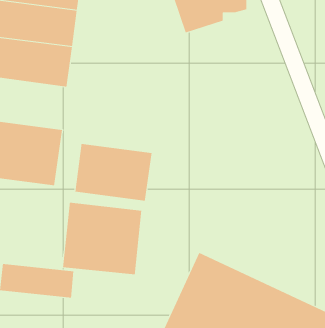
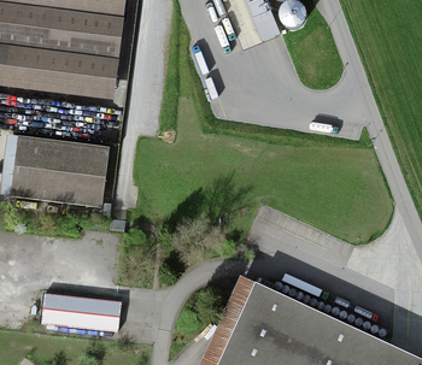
building: [75,143,152,201] -> none
building: [62,202,142,275] -> none

